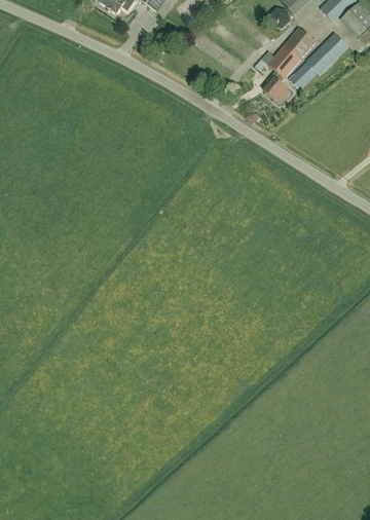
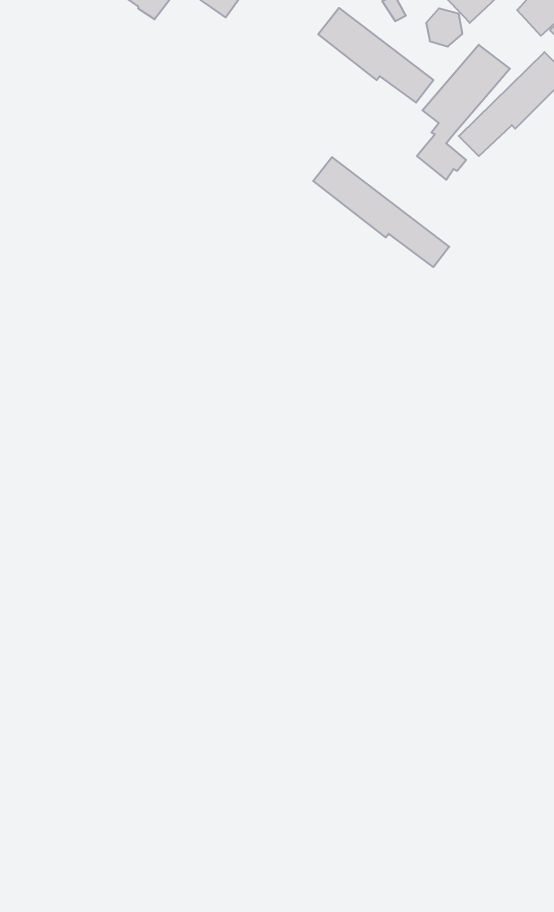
building: none -> [318,8,433,103]
building: none -> [313,157,449,267]

